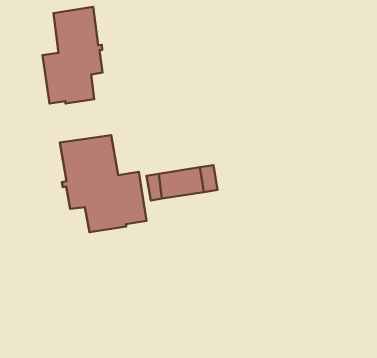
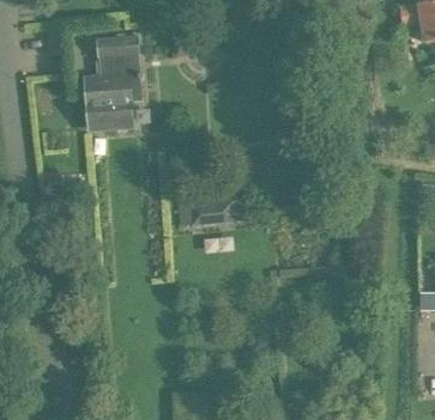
building: [60,135,146,232] -> none

